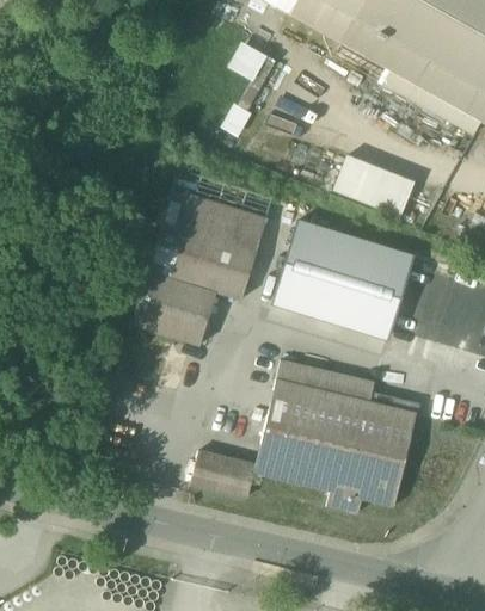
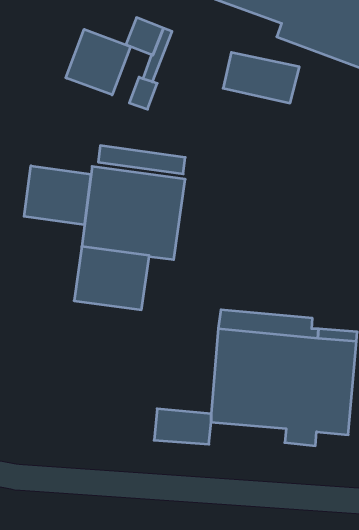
building: none -> [66,29,130,95]
building: [334,156,417,218] -> [223,52,299,103]
building: none -> [24,166,91,225]
building: [274,221,413,338] -> none

